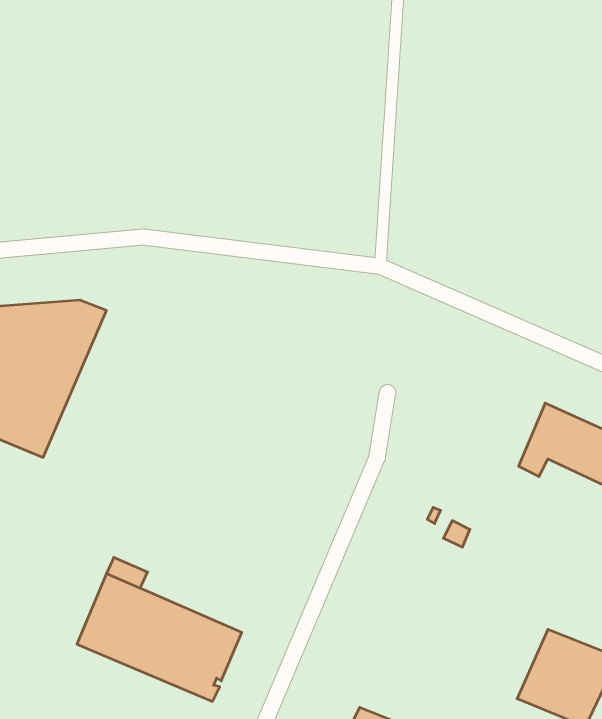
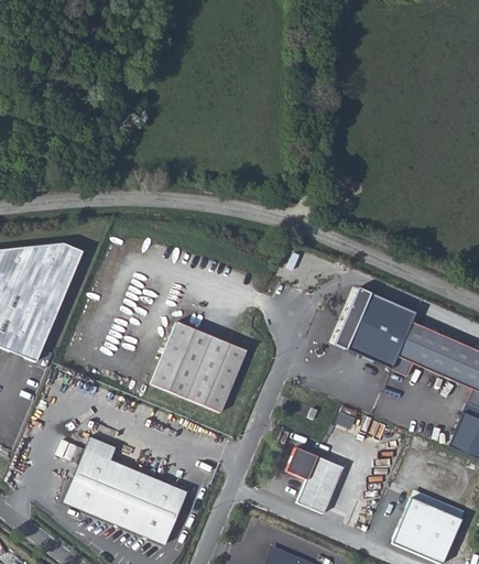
building: none -> [331,286,416,368]
building: none -> [151,323,246,413]
building: none -> [286,447,344,514]

